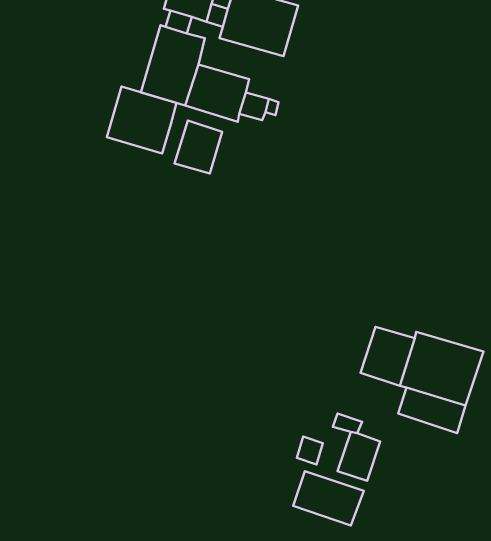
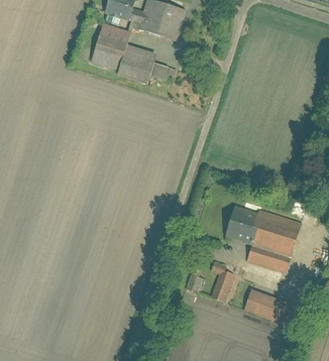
building: [107,87,177,153] -> none
building: [174,121,222,174] -> none
building: [293,471,364,525] -> [245,289,289,323]

